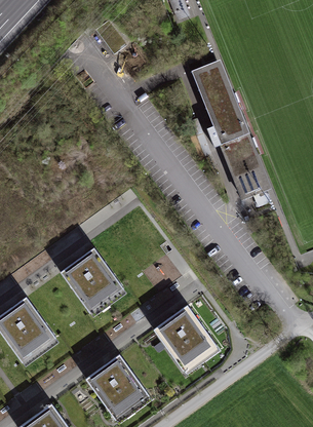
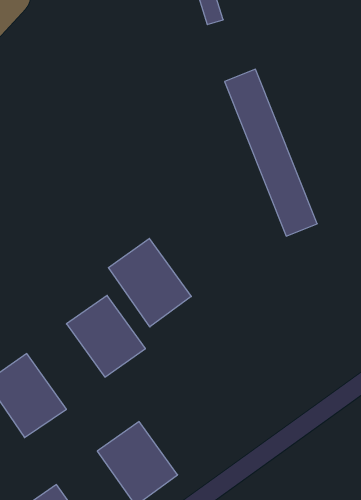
building: none -> [108,238,191,327]
building: [152,301,222,374] -> none

